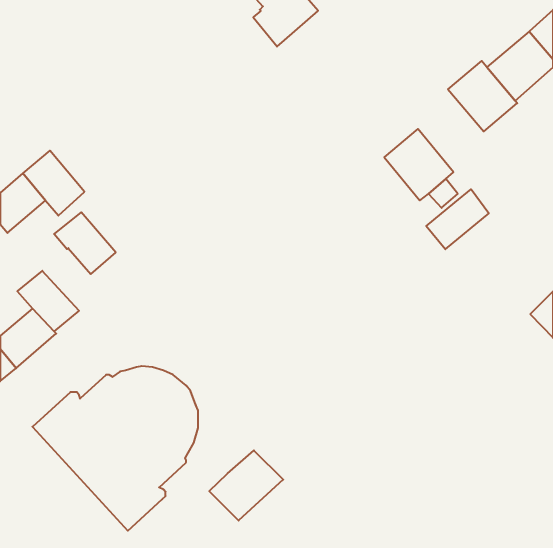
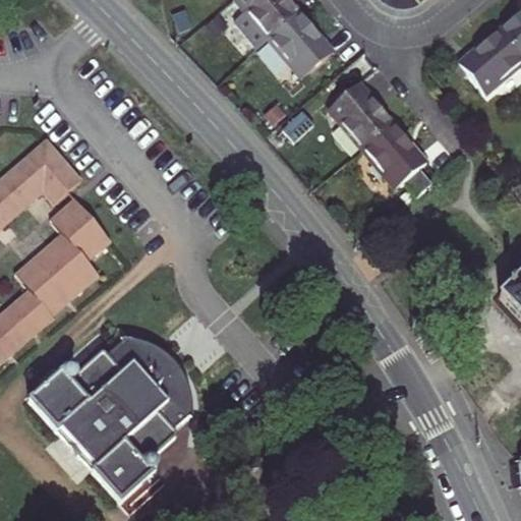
building: none -> [268,10,333,77]
building: [448,61,517,131] -> [328,81,393,148]
building: [426,189,489,249] -> none
building: none -> [40,233,98,292]
building: [209,450,283,521] -> none

